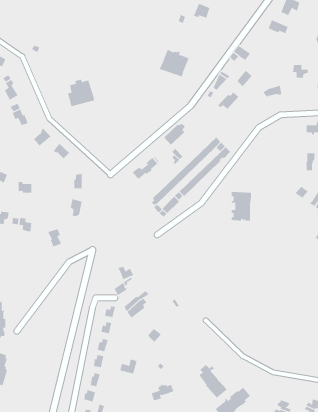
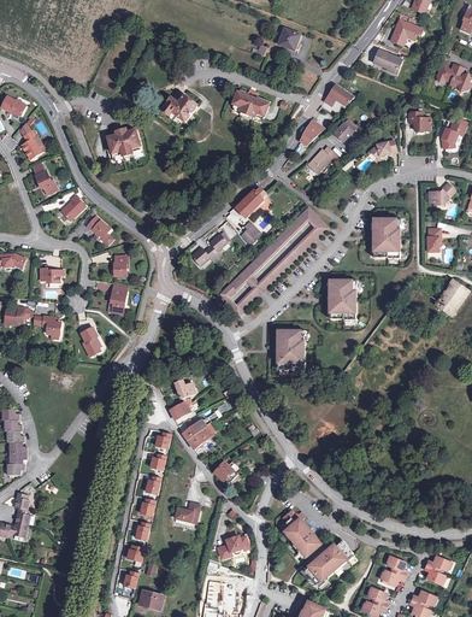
building: none -> [164,95,197,123]
building: none -> [371,218,399,258]
building: none -> [278,329,307,368]

